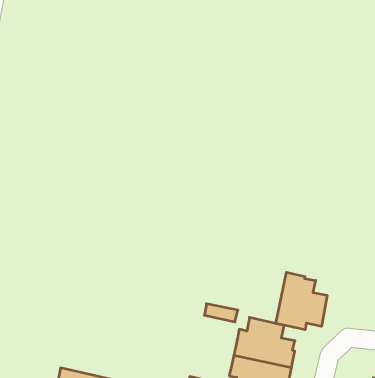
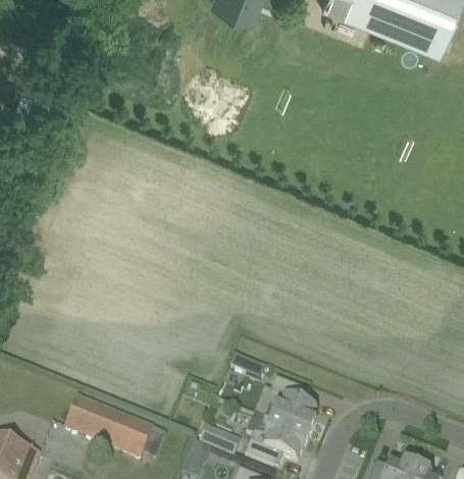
building: [276,272,327,330] -> none

